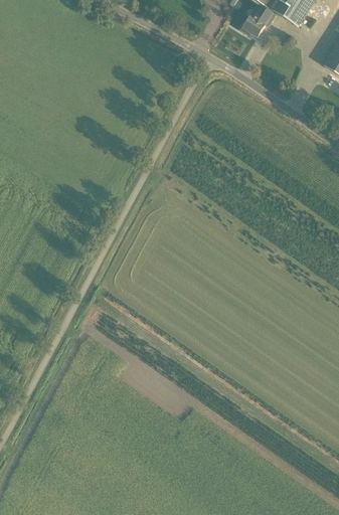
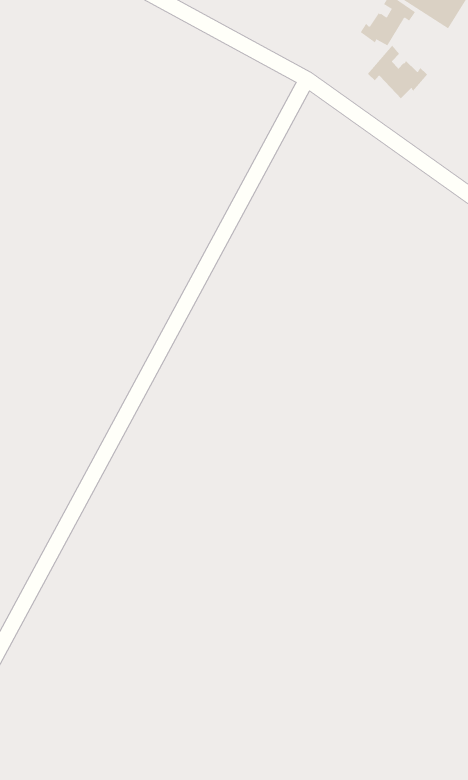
building: none -> [367,45,428,99]

